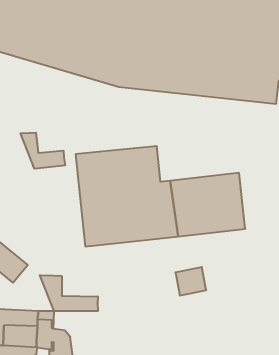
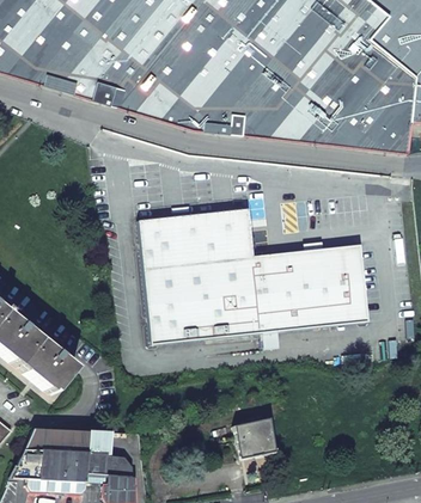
building: [21,133,65,169] -> none
building: [175,267,206,295] -> [234,418,276,456]
building: [40,275,98,311] -> none

